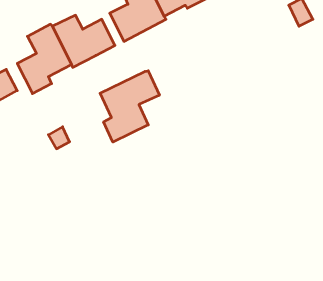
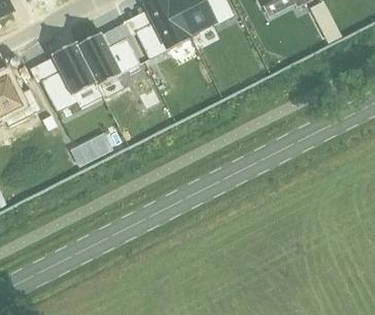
building: [100,71,159,142] -> none

